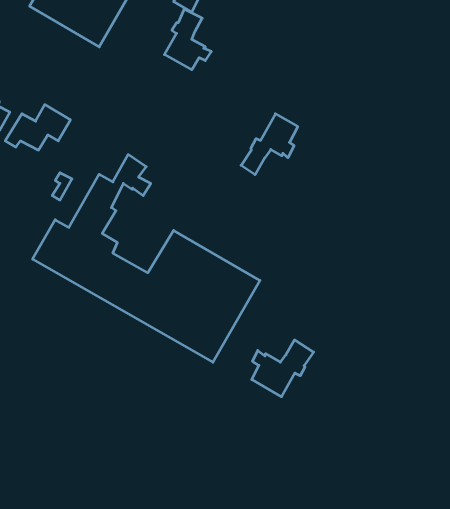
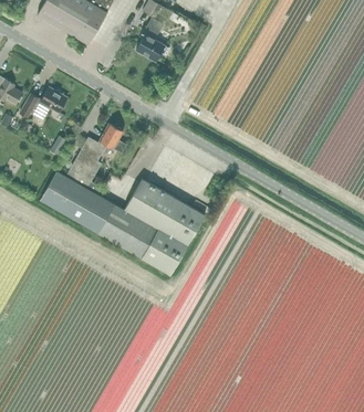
building: [241,114,298,175] -> none
building: [252,340,314,397] -> none

